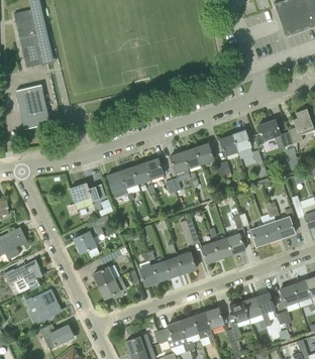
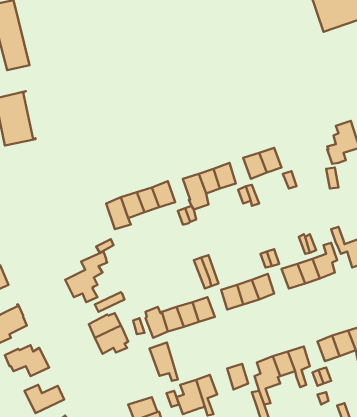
building: [257,120,292,149] -> none
building: [70,183,105,211] -> none
building: [192,312,215,343] -> [150,342,178,381]

